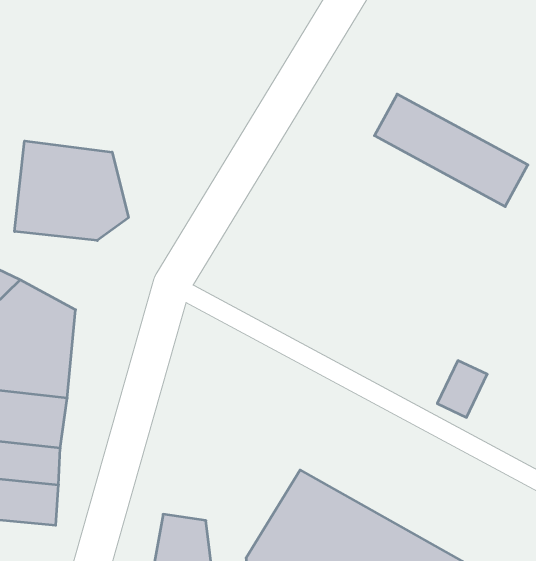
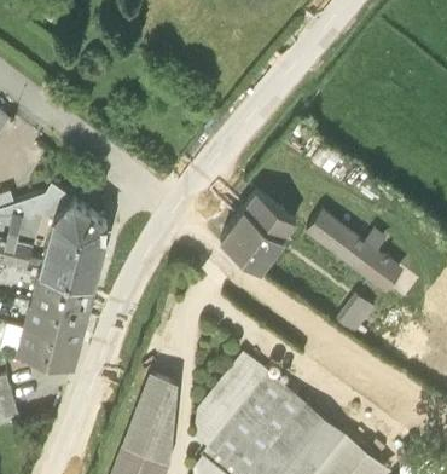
building: [374,94,528,207] -> [303,209,402,295]
building: [15,141,128,241] -> none
building: none -> [216,187,298,270]

